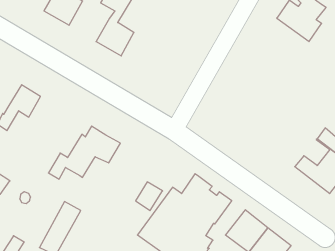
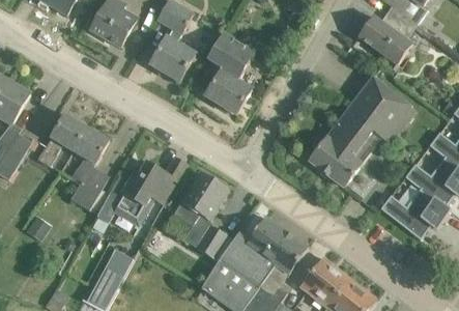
building: none -> [204,32,254,114]
building: none -> [309,77,413,186]
building: none -> [69,126,109,209]
building: none -> [173,172,228,225]

